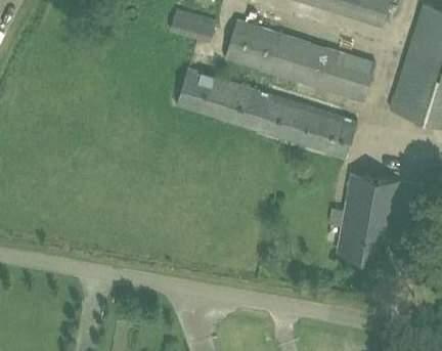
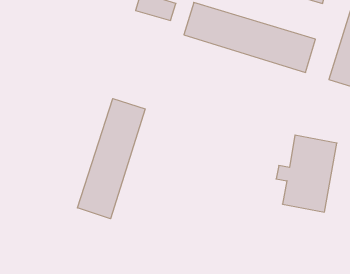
building: [175,68,356,159] -> none
building: none -> [77,99,145,219]

